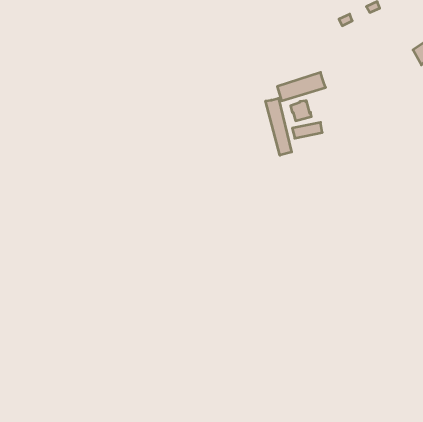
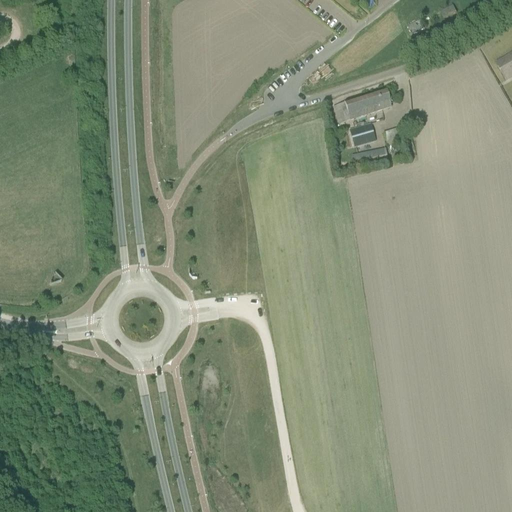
building: [266,98,292,155] -> none

